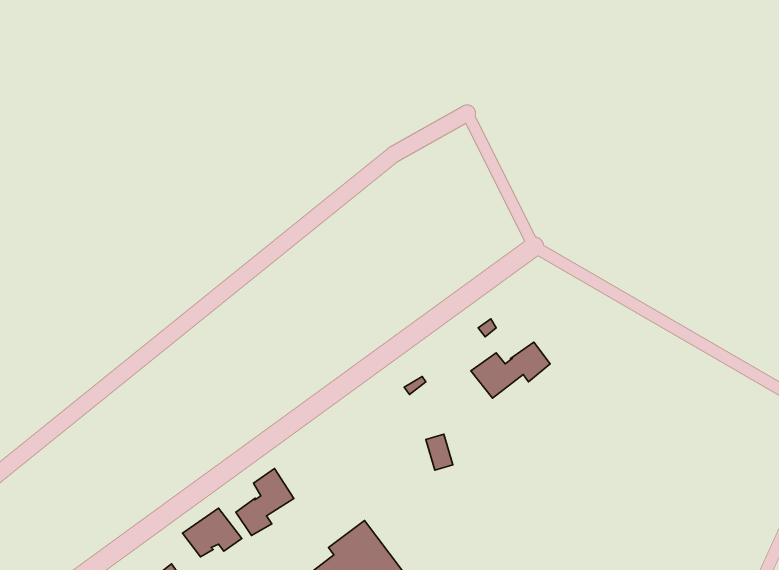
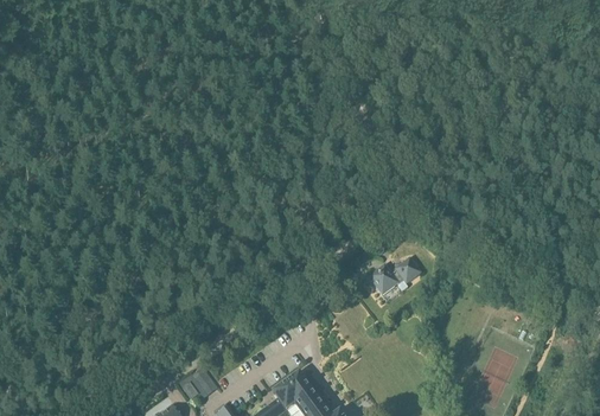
building: [236,468,294,535] -> none

